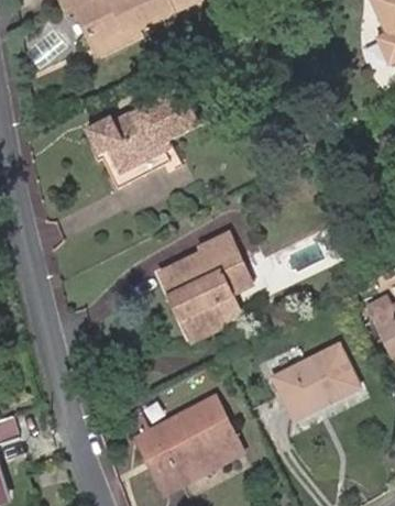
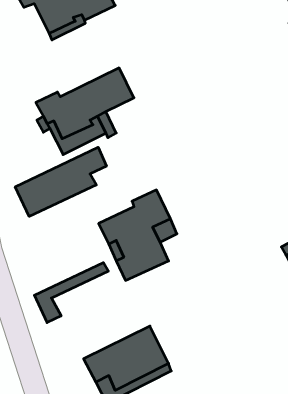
building: none -> [15,147,106,216]
building: none -> [34,263,108,323]
building: [270,336,358,411] -> none

